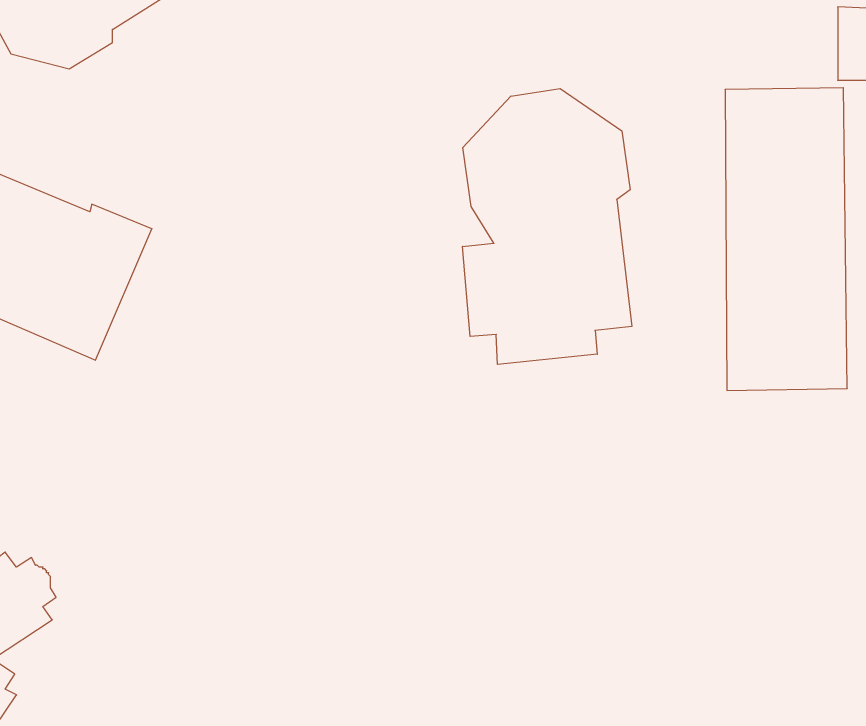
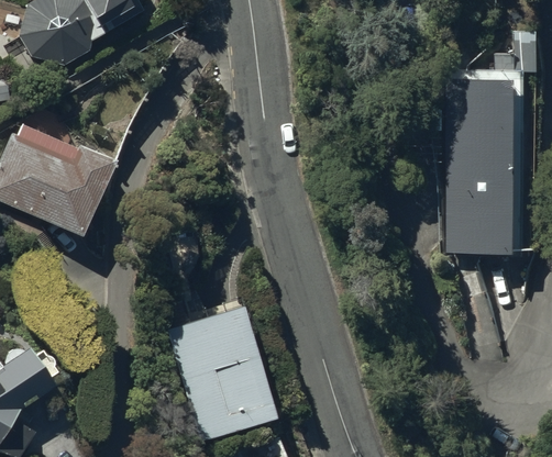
building: [463,89,632,364] -> none
building: none -> [166,306,277,441]

